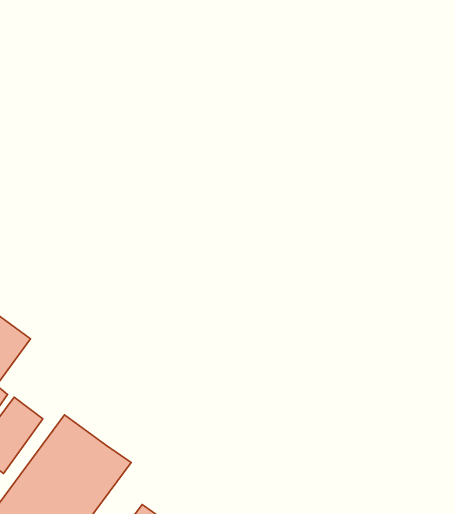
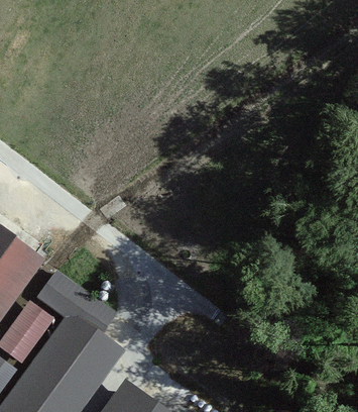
building: none -> [36,273,113,340]

